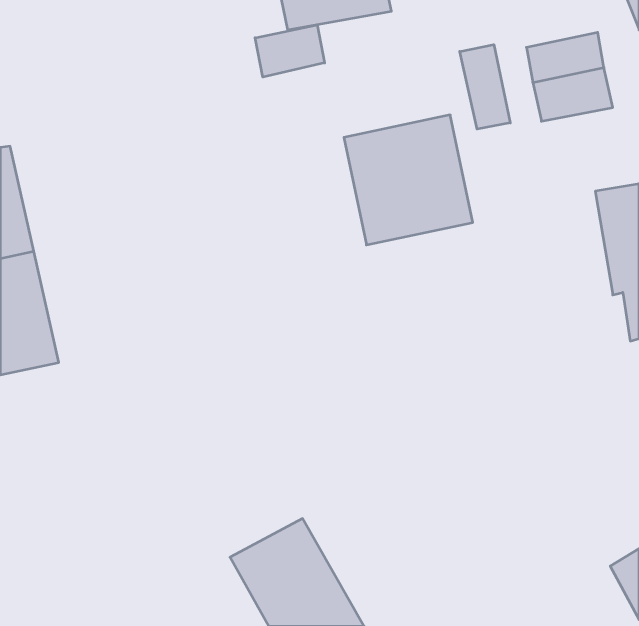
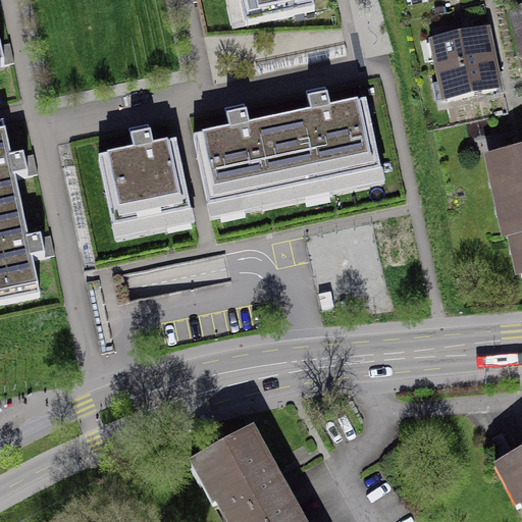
building: [255,25,325,77] -> none
building: [460,45,510,129] -> none
building: none -> [198,112,299,217]
building: none -> [98,139,195,237]

